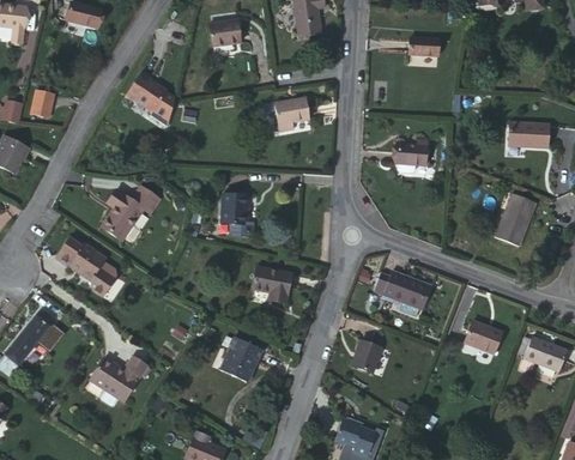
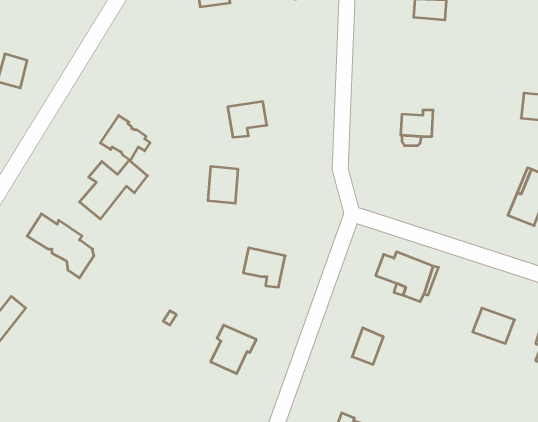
building: [126,74,171,115] -> [100,115,150,160]
building: [274,97,310,129] -> [228,102,267,137]
building: [90,353,147,405] -> none

